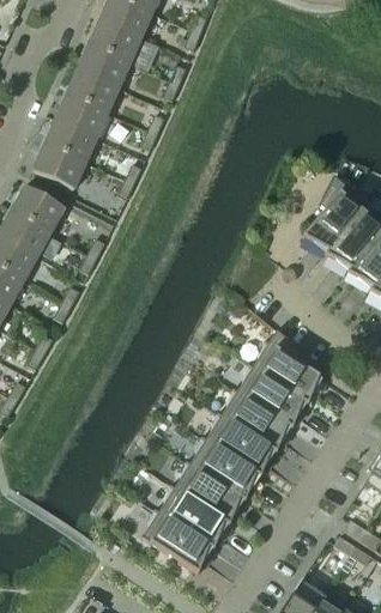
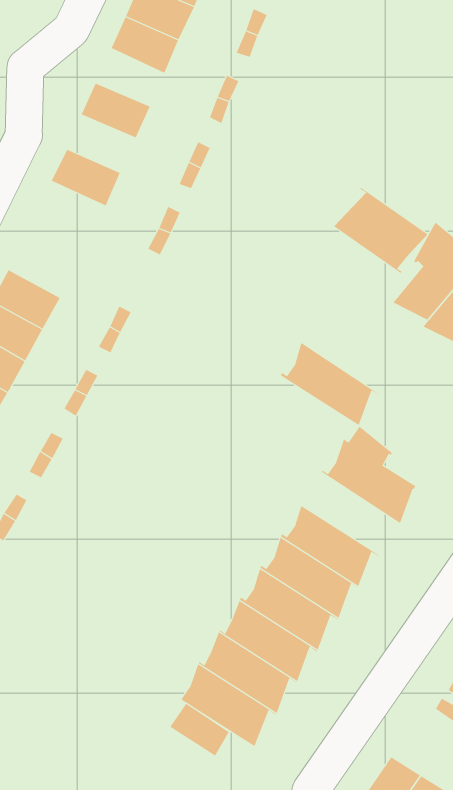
building: [77,43,129,87] -> none
building: [55,93,108,138] -> none
building: [32,144,85,188] -> none
building: none -> [333,187,428,274]
building: [11,186,65,232] -> none
building: [232,364,308,427] -> [280,342,380,426]
building: none -> [170,703,230,756]

